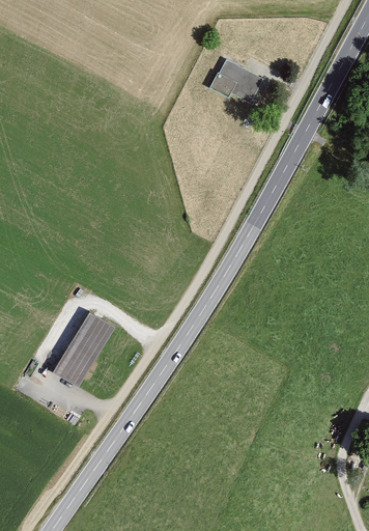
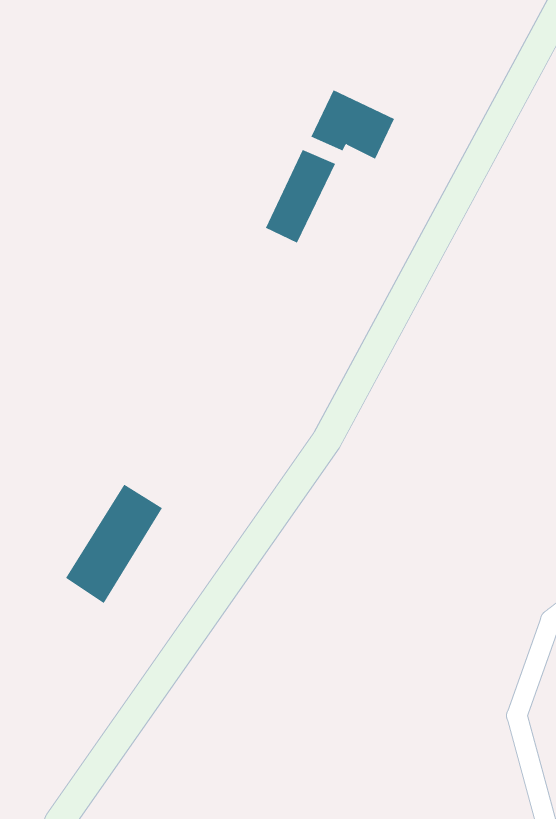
building: none -> [265,149,336,243]

